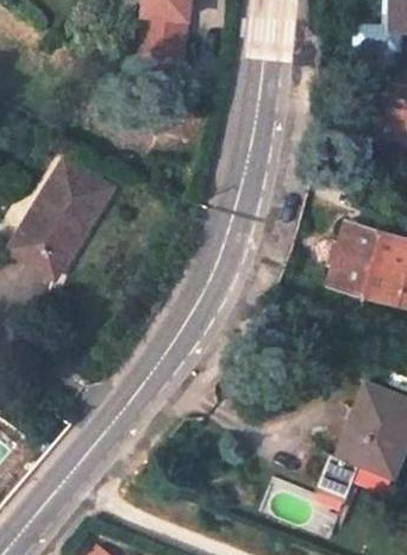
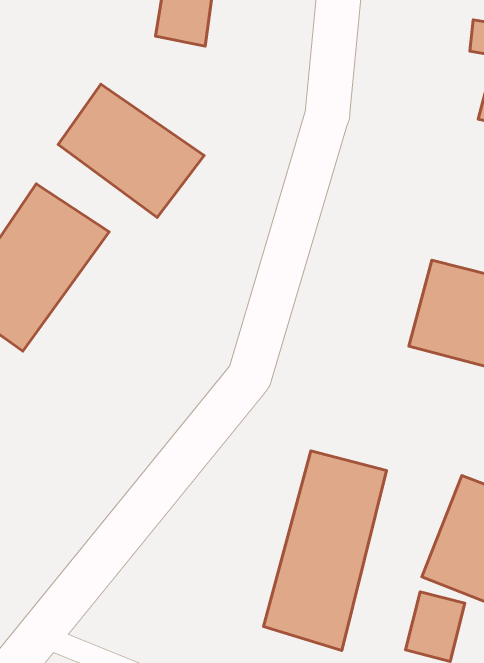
building: none -> [58,84,204,218]
building: none -> [263,451,387,650]

